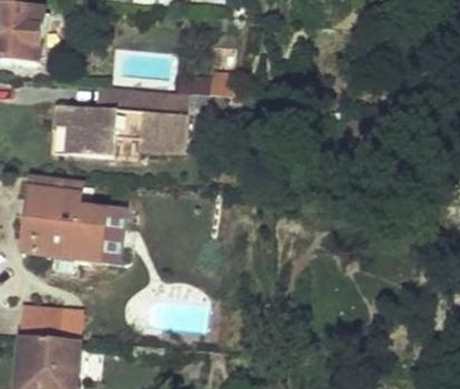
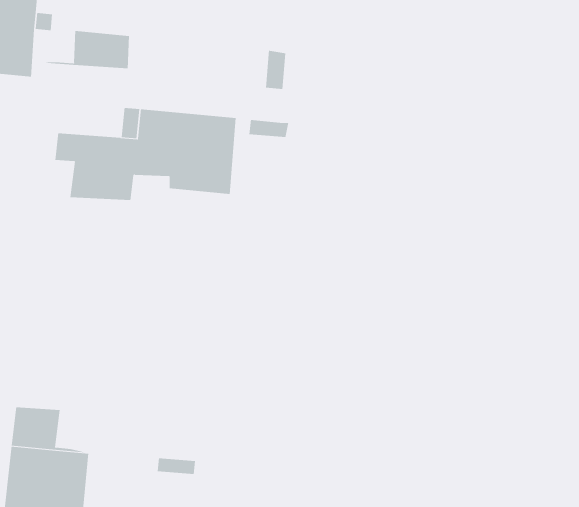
building: none -> [33,30,130,69]
building: [20,180,124,263] -> none

